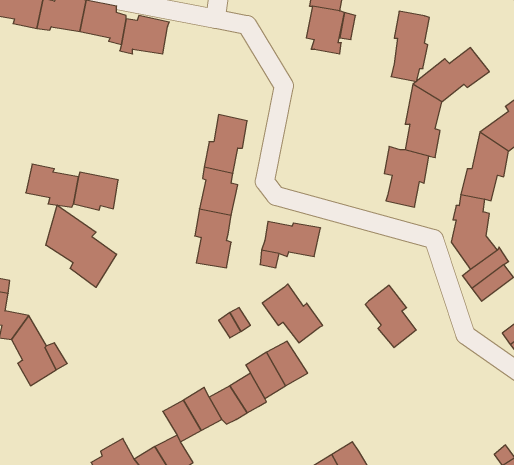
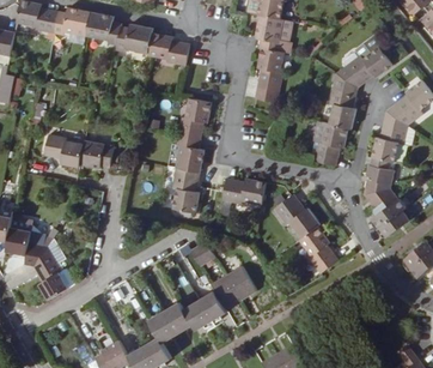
building: [391,11,429,81] -> [256,48,285,101]
building: none -> [148,31,190,64]
building: [46,205,117,287] -> none
building: [262,284,323,343] -> [275,193,321,237]

